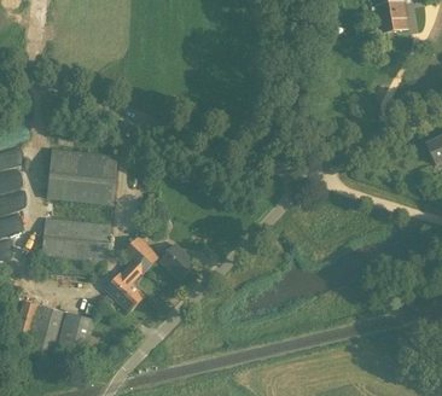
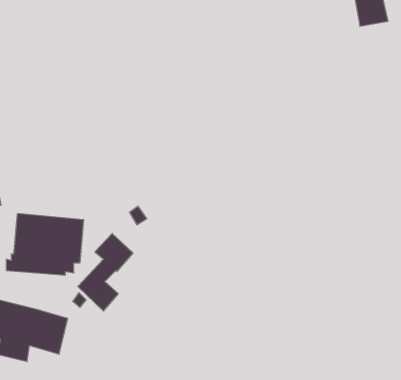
building: [47,146,117,205] -> none
building: [158,243,192,279] -> none

